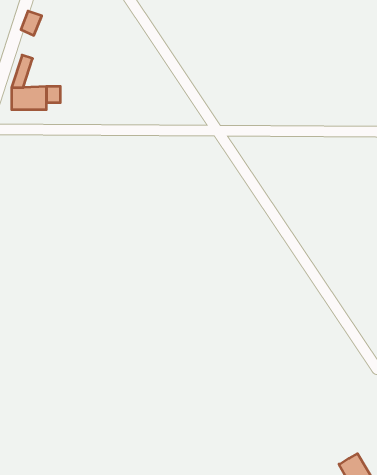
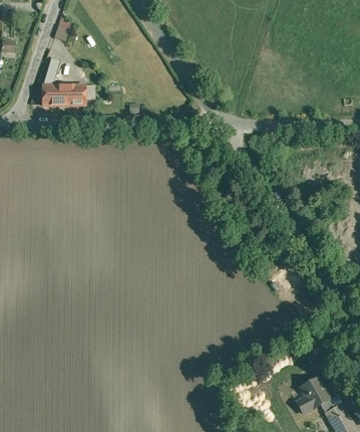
building: none -> [300,377,335,413]

